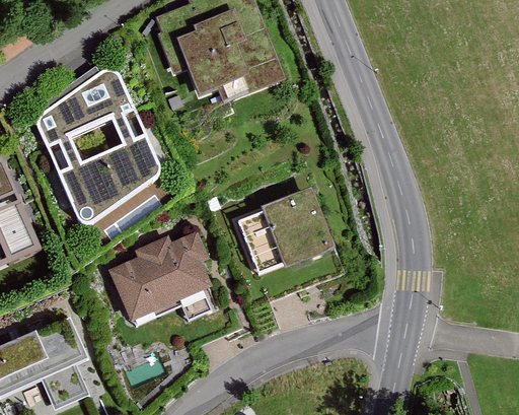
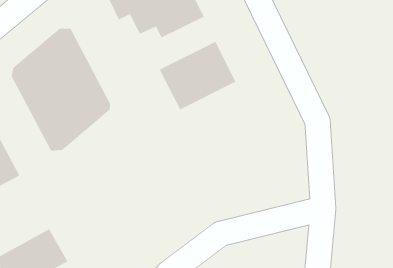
building: [237,188,331,269] -> [159,41,236,110]
building: [110,241,207,323] -> none

